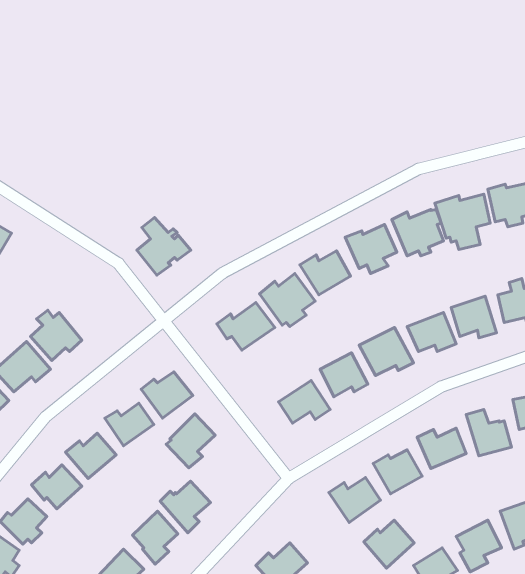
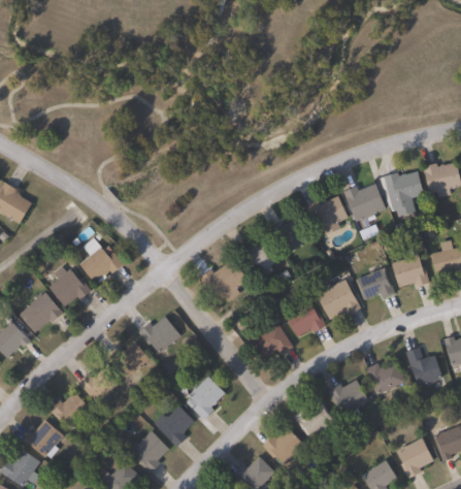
building: [137,217,191,275] -> [79,237,124,285]
building: [166,414,215,468] -> [186,376,226,420]
building: [364,520,414,568] -> [263,428,304,467]

